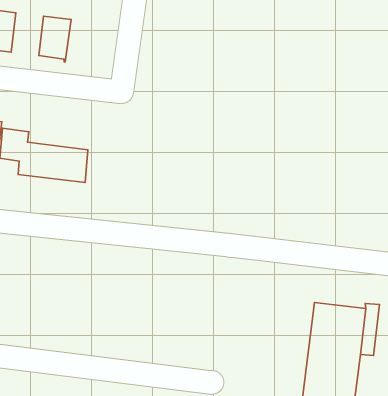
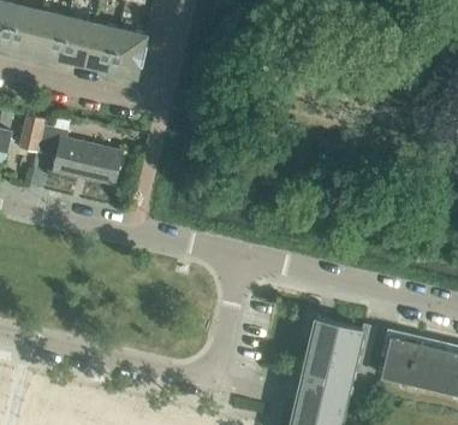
building: none -> [59,19,93,61]
building: none -> [108,31,147,76]

